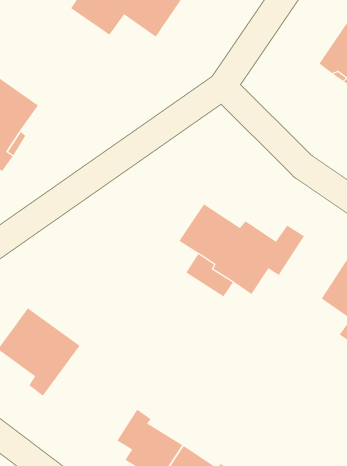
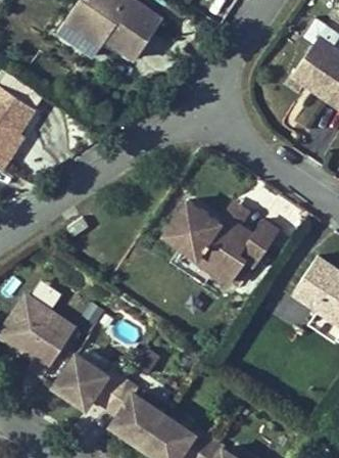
building: none -> [57,362,126,415]

